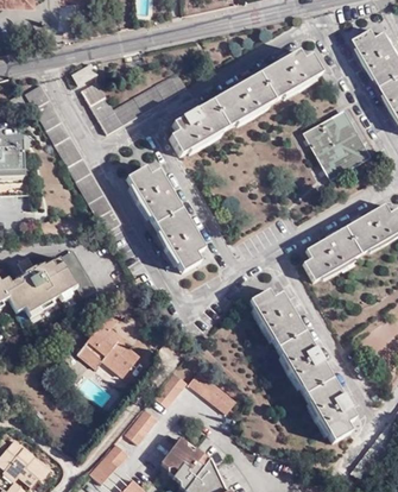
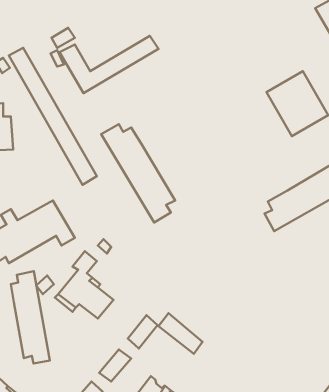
building: [169,51,321,156] -> none
building: [248,290,354,442] -> none
building: none -> [11,271,50,364]

